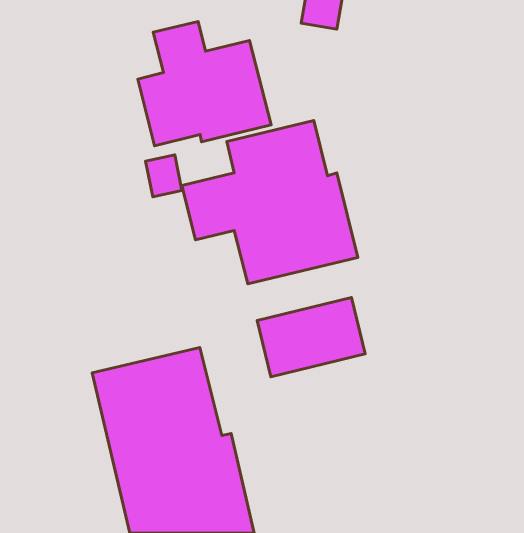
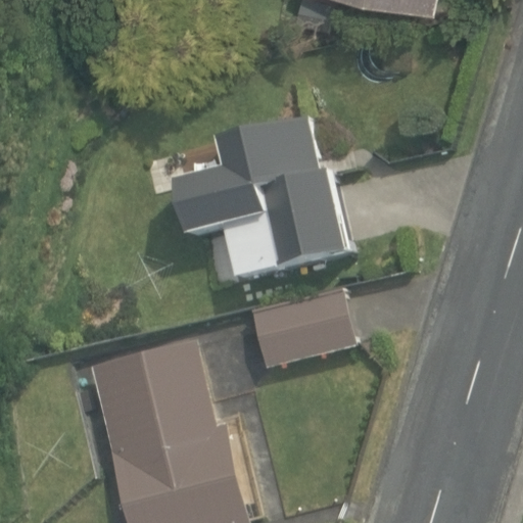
building: [138,21,271,146] -> none

